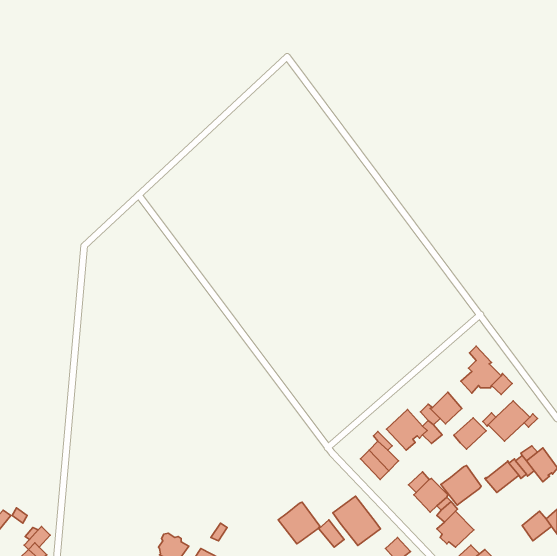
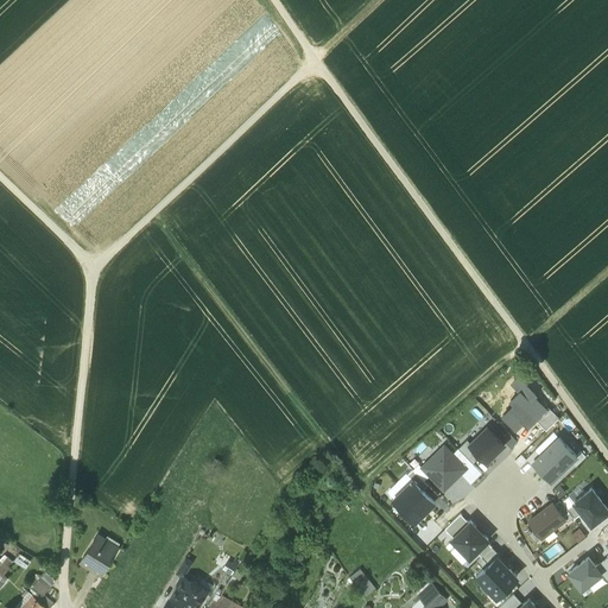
building: [454,418,486,449] -> none
building: [441,466,481,505] -> none
building: none -> [78,538,115,577]
building: [333,496,380,546] -> none
building: [278,502,320,544] -> none

